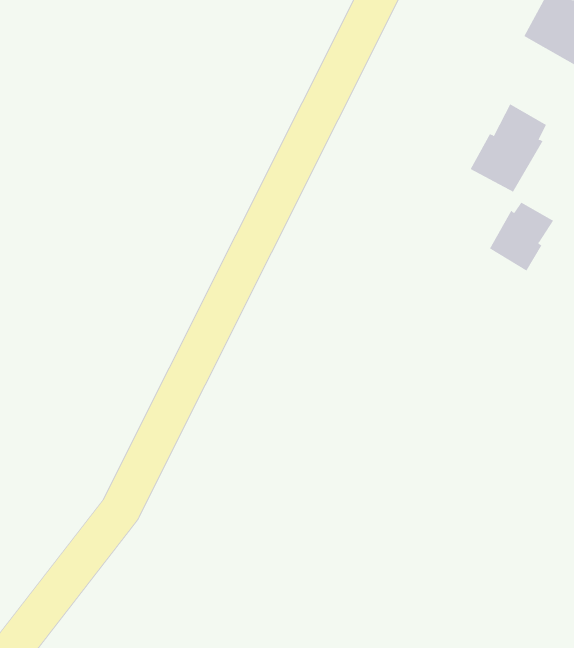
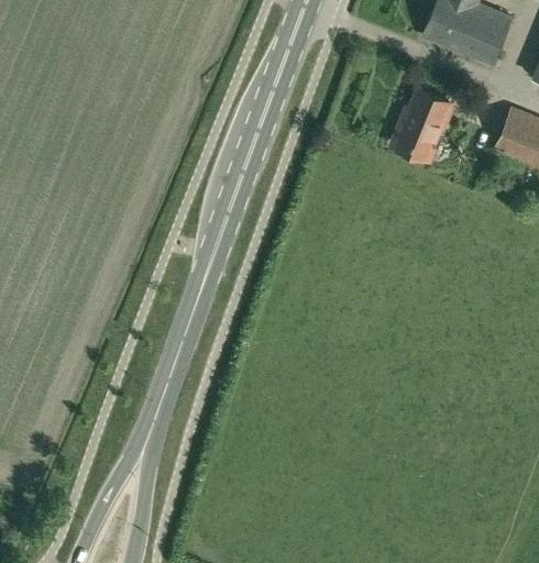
building: [489,202,554,272] -> none

